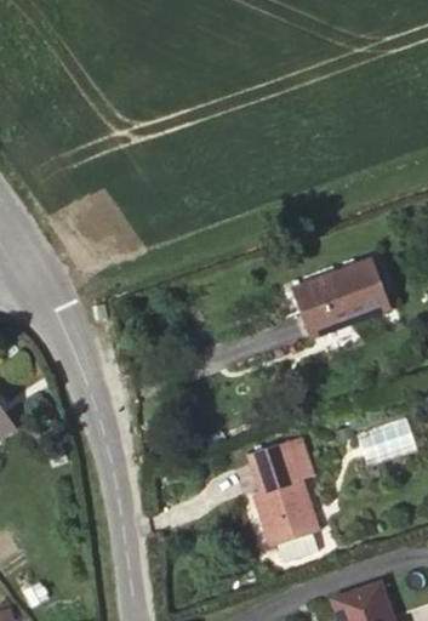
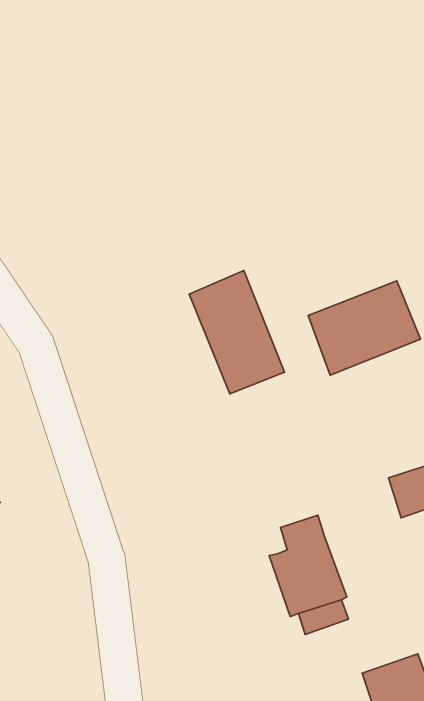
building: none -> [189,270,284,394]
building: [246,433,315,490] -> none

